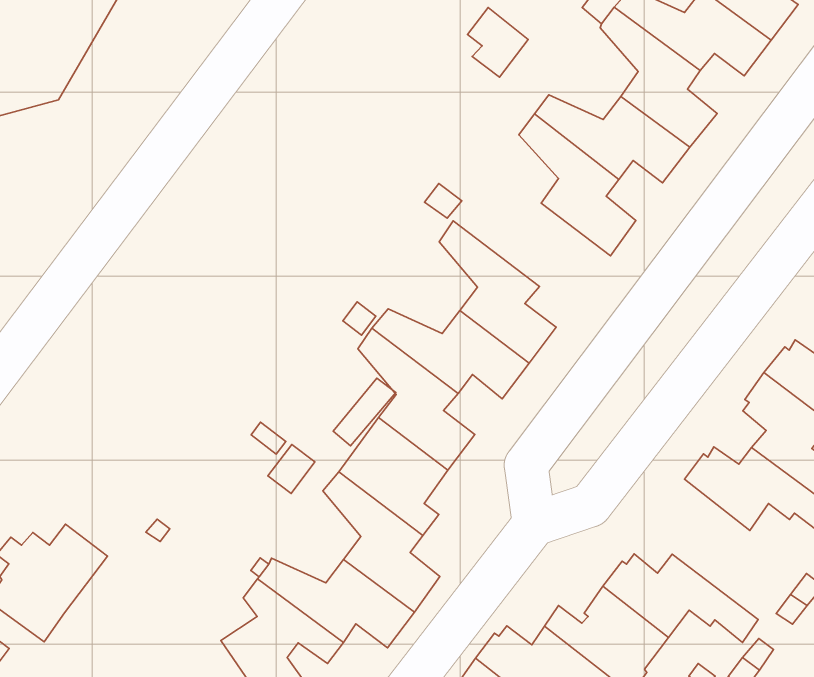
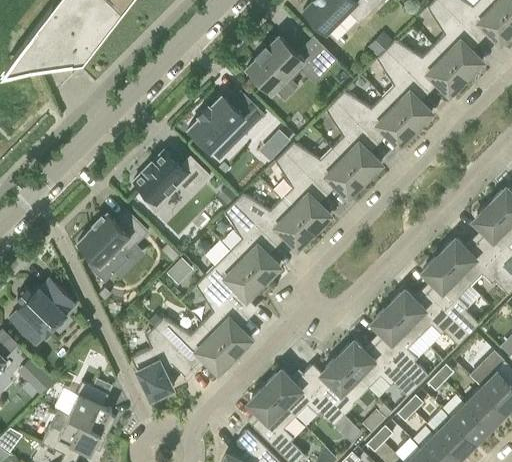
building: none -> [247,37,303,94]
building: none -> [188,91,264,153]
building: none -> [284,143,365,199]
building: none -> [134,147,211,205]
building: none -> [77,211,148,284]
building: none -> [373,306,428,386]

